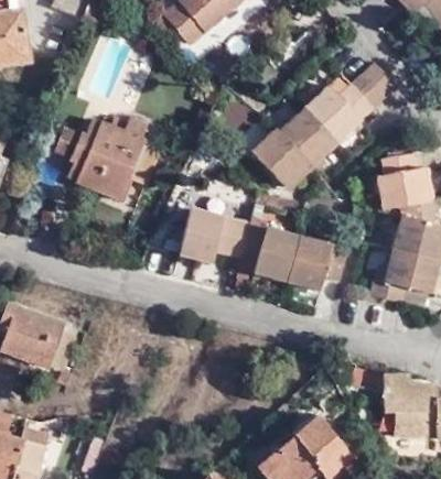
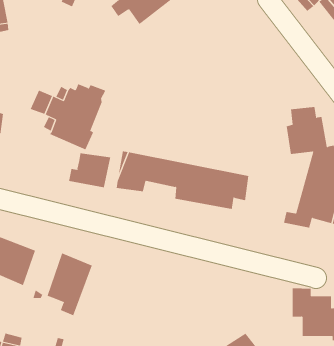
building: [257,69,401,195] -> none
building: none -> [69,153,111,188]
building: none -> [47,252,93,316]

